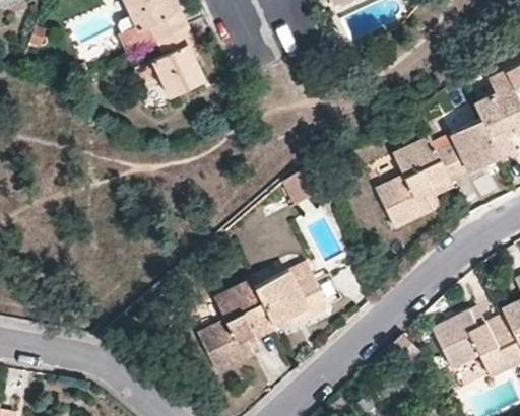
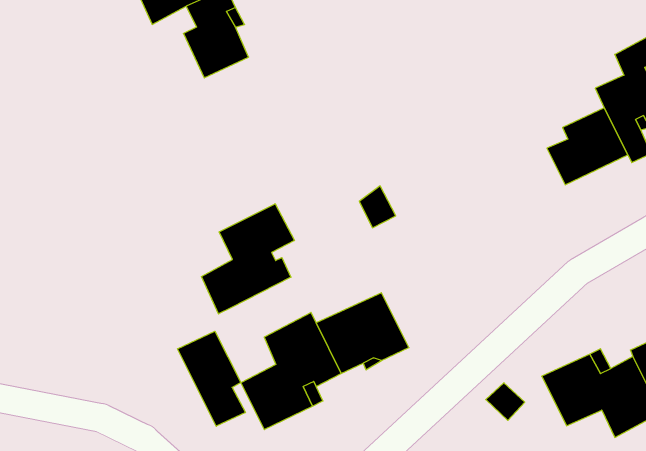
building: [376,136,453,227] -> none
building: none -> [201,204,294,314]
building: none -> [178,331,245,426]

